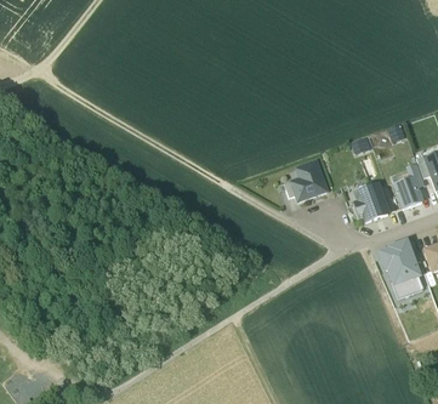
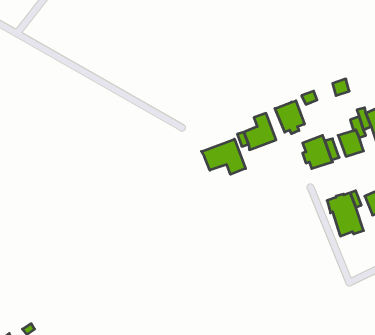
building: none -> [275,101,304,134]
building: none -> [201,139,246,174]

